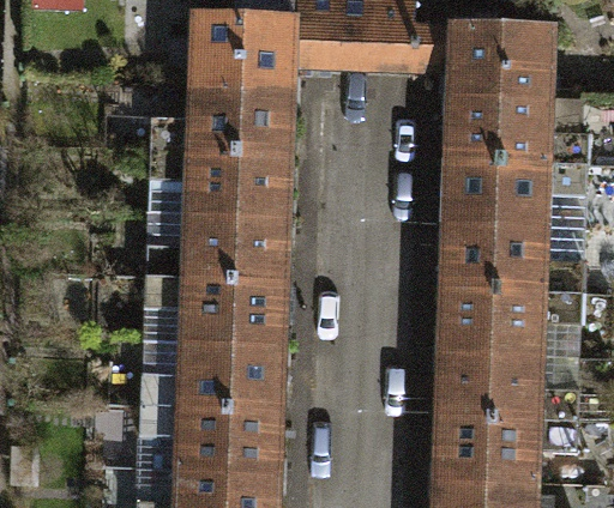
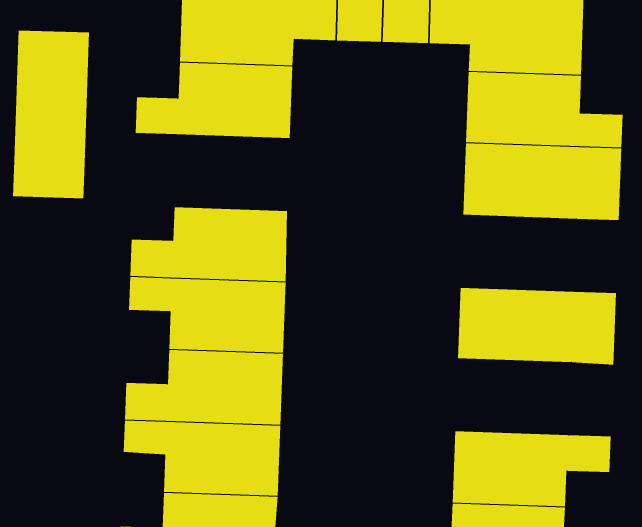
building: none -> [12,30,89,199]
building: [148,151,289,220] -> none
building: [440,224,583,294] -> none
building: [435,352,577,422] -> none

